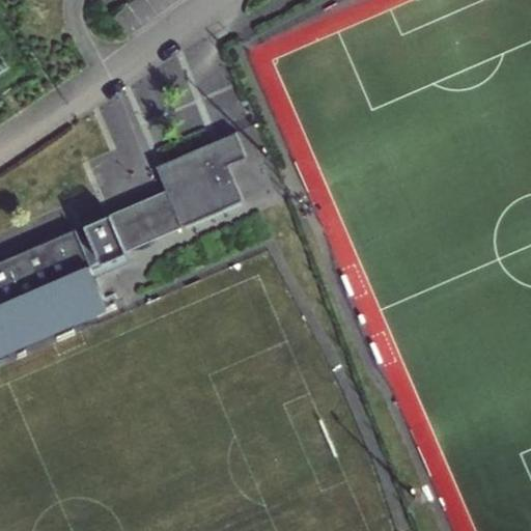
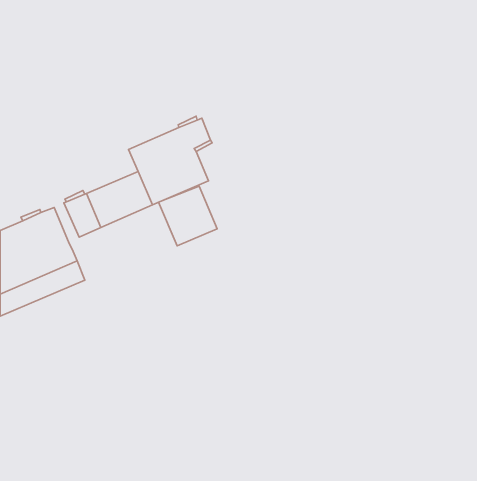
building: none -> [158,186,217,246]
building: [69,227,125,280] -> none

